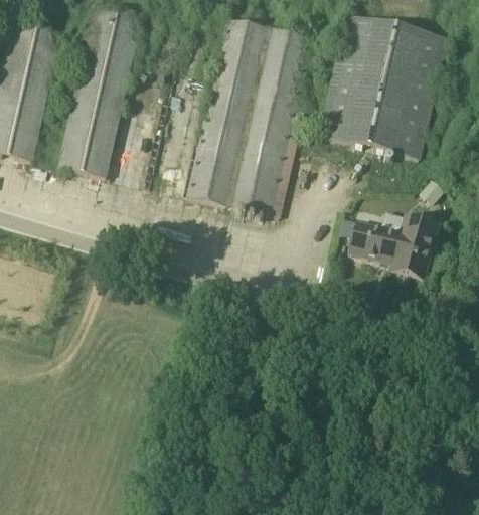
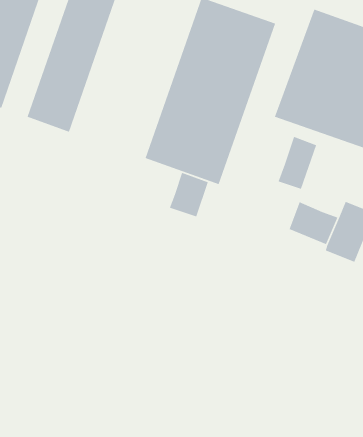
building: none -> [277,136,317,190]
building: none -> [169,172,209,218]

